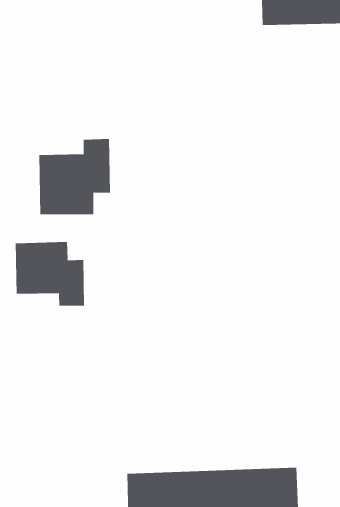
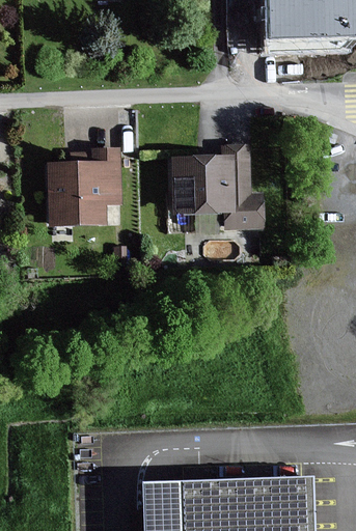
building: none -> [171,147,262,226]
building: [15,241,85,306] -> none

